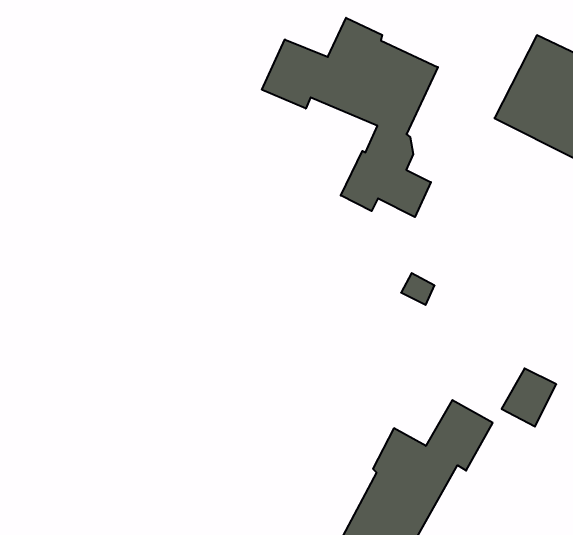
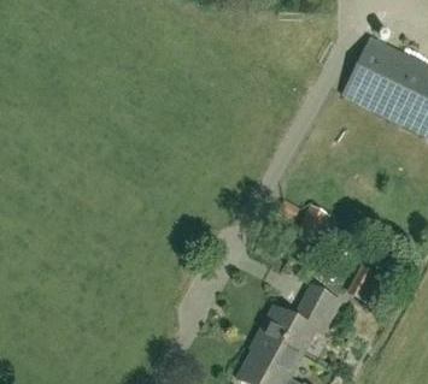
building: [262,18,438,217] -> none

